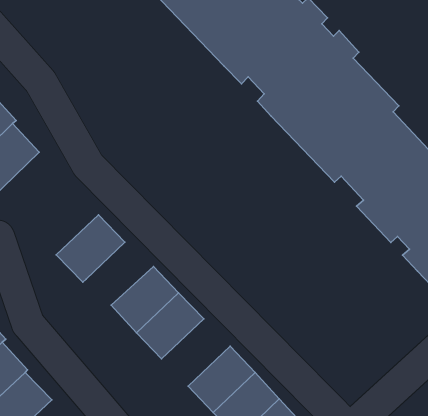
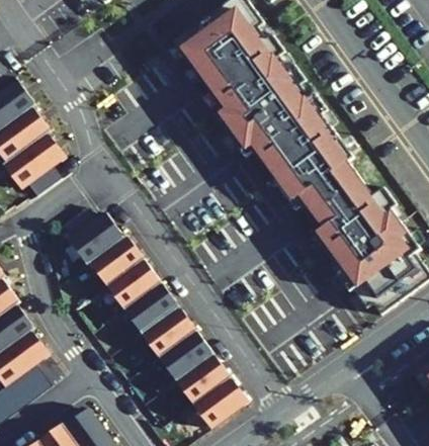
building: none -> [88,236,143,286]
building: none -> [140,306,195,358]

